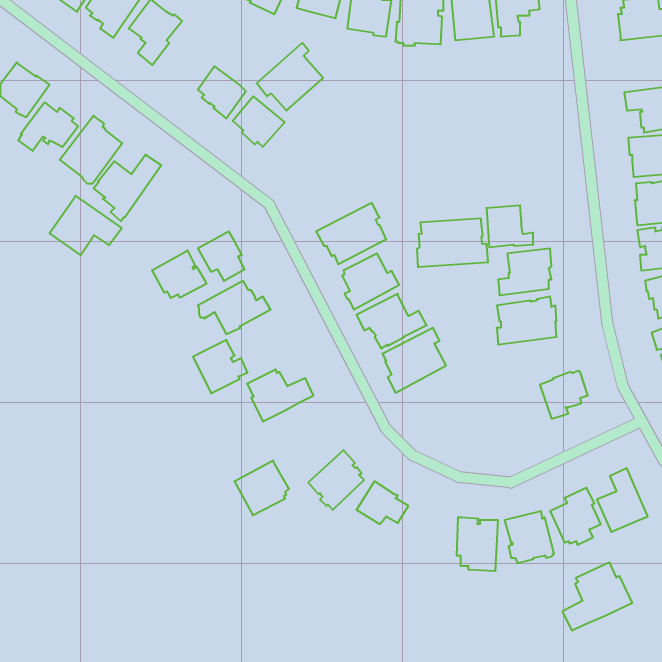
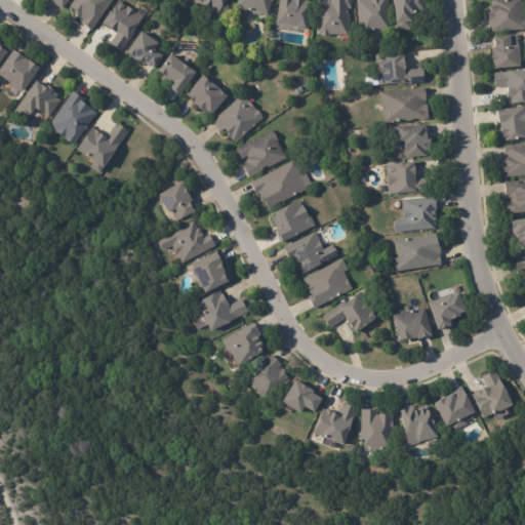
building: none -> [126,30,163,68]
building: [257,43,323,111] -> [212,89,265,143]
building: none -> [491,36,519,69]
building: none -> [368,53,426,85]
building: none -> [379,86,430,122]
building: none -> [396,124,431,157]
building: none -> [237,129,286,177]
building: [50,196,122,255] -> none
building: [417,218,488,267] -> none
building: [152,250,206,298] -> none
building: [193,340,248,393] -> [191,251,234,293]
building: none -> [323,292,379,334]
building: none -> [394,307,432,340]
building: [234,461,289,515] -> [224,322,267,365]
building: none -> [314,401,358,445]
building: [562,562,632,631] -> none

